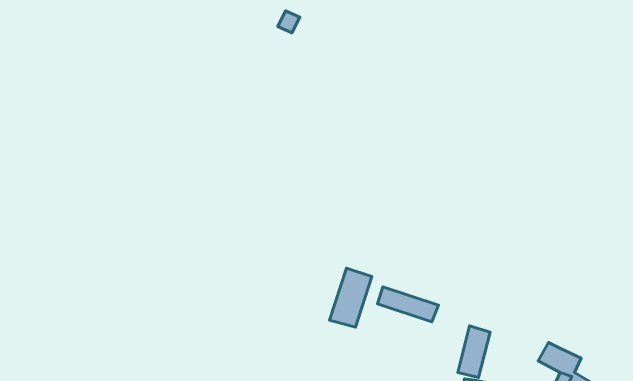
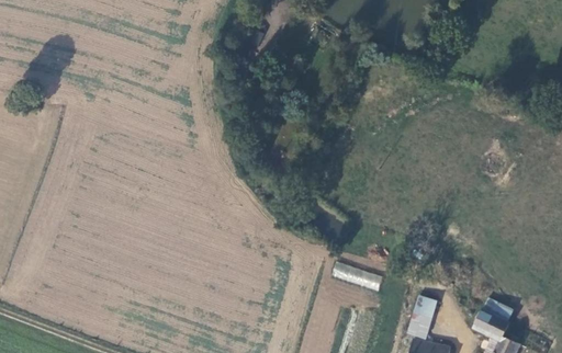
building: [330,268,372,327] -> none

